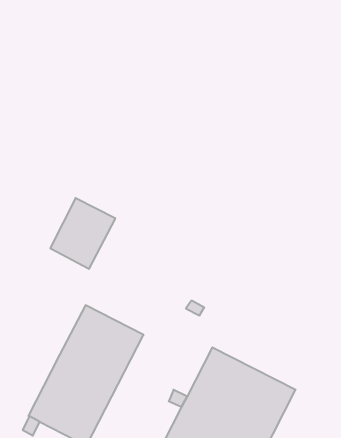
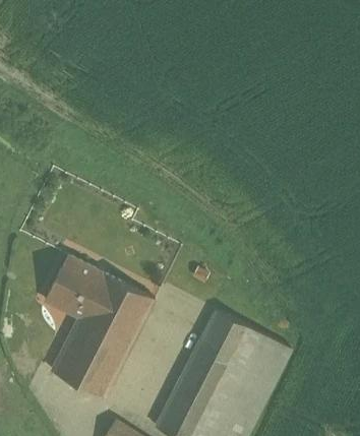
building: [50,198,115,269] -> [42,254,100,317]

